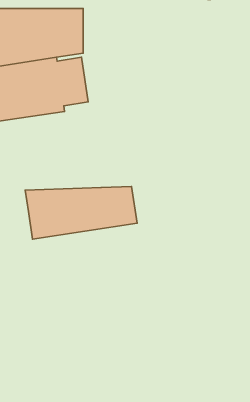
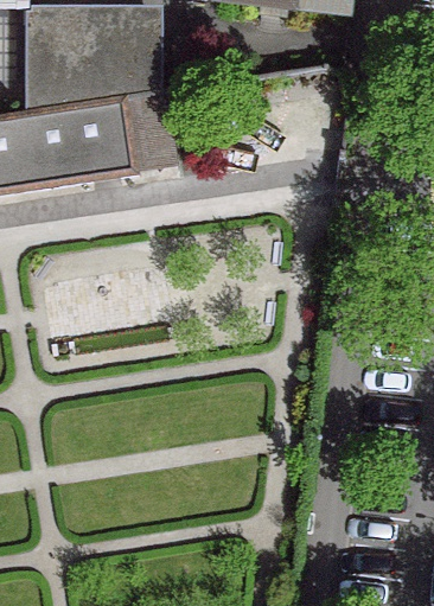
building: [25,186,137,239] -> none

